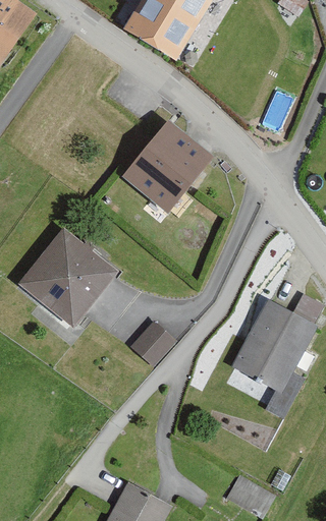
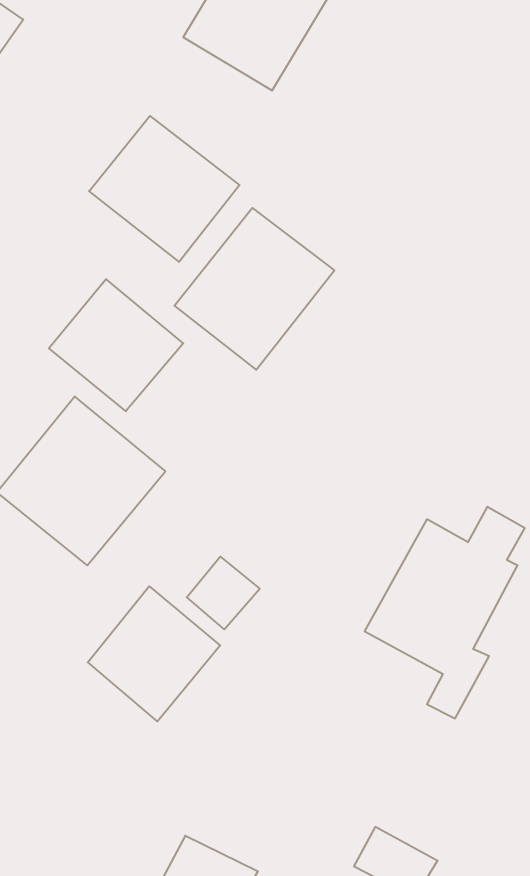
building: none -> [89,116,240,262]
building: none -> [49,279,183,411]
building: none -> [88,586,220,721]

